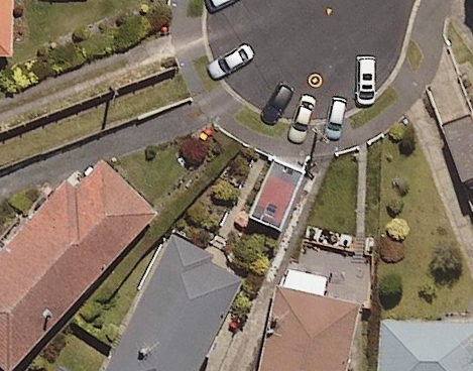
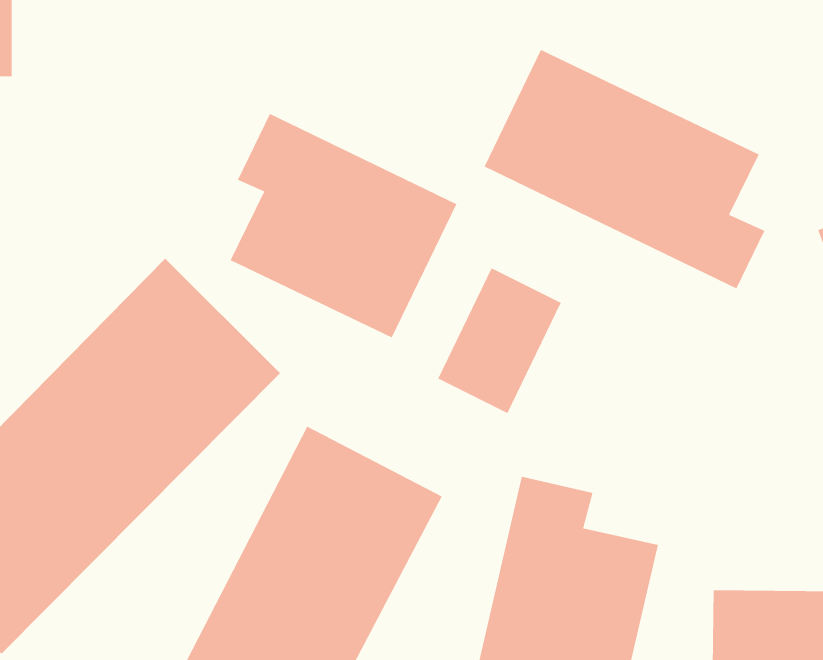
building: none -> [483,49,765,289]
building: none -> [230,113,457,339]

